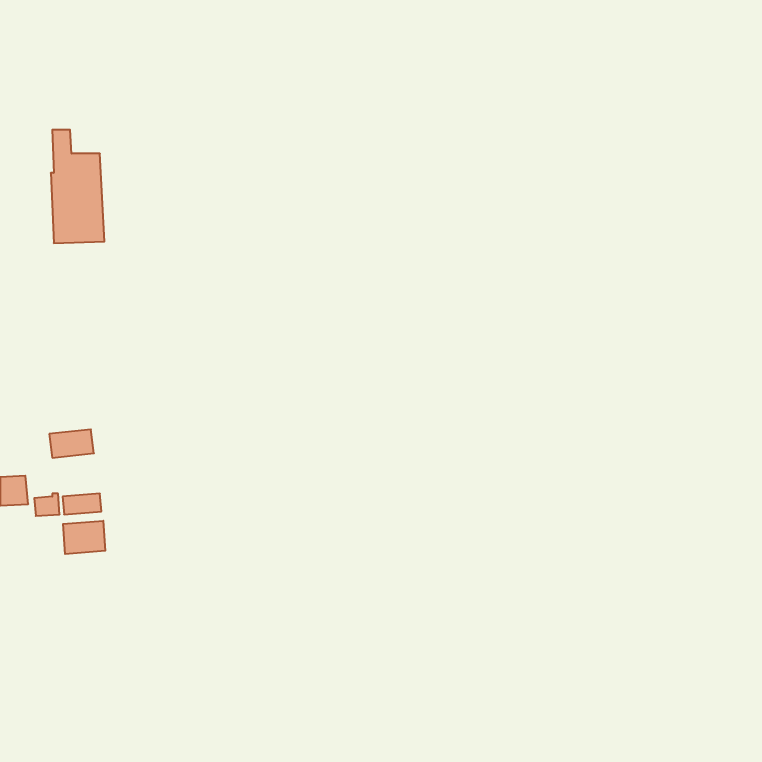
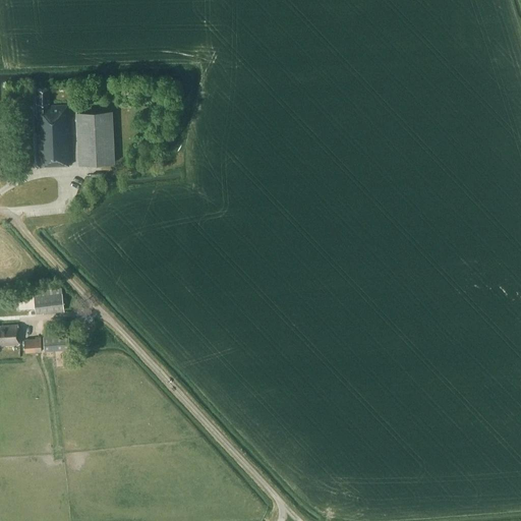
building: none -> [76,110,114,164]
building: [63,521,105,554] -> none

